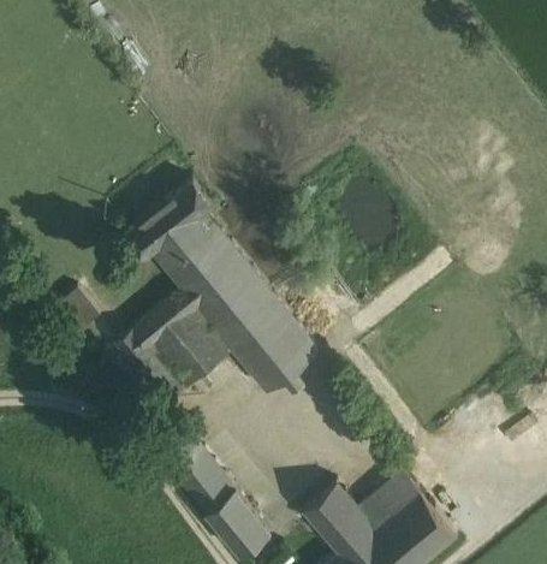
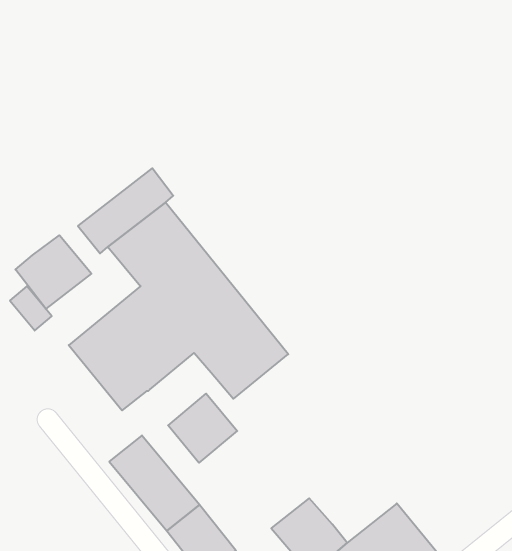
building: none -> [15,235,91,309]
building: none -> [168,394,237,463]
building: [358,470,417,524] -> none

